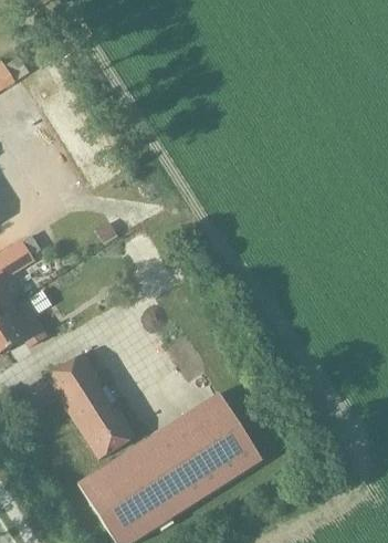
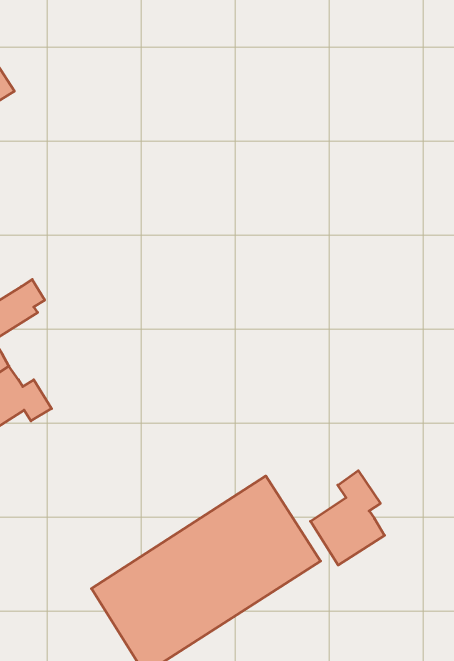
building: [46,352,137,458] -> none
building: none -> [310,471,385,565]

